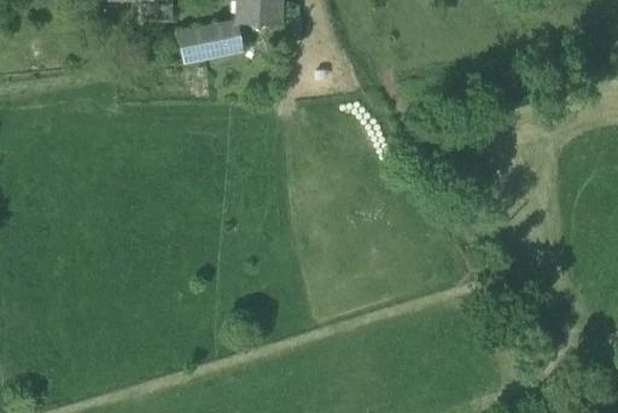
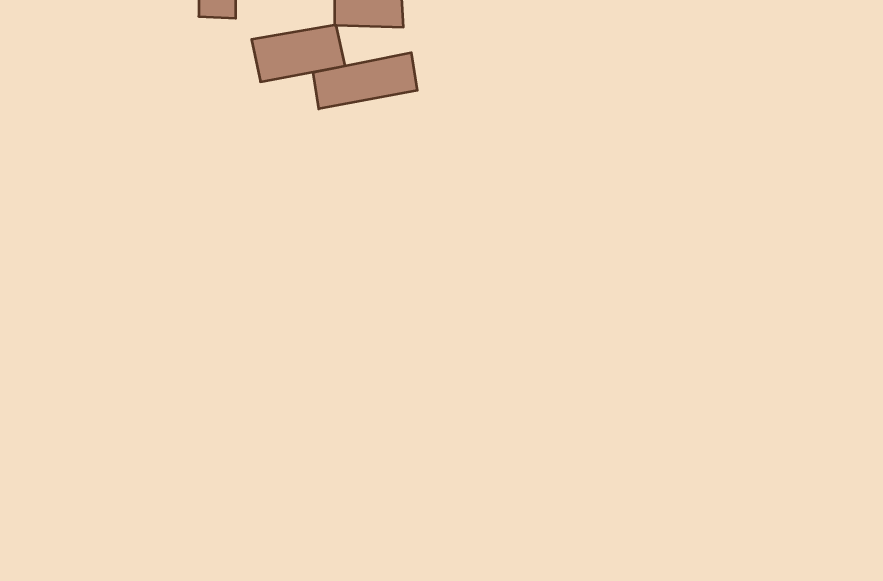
building: none -> [313,53,417,109]

